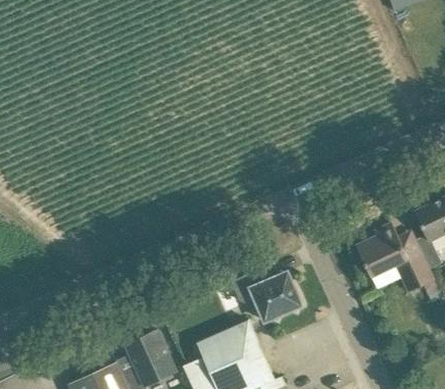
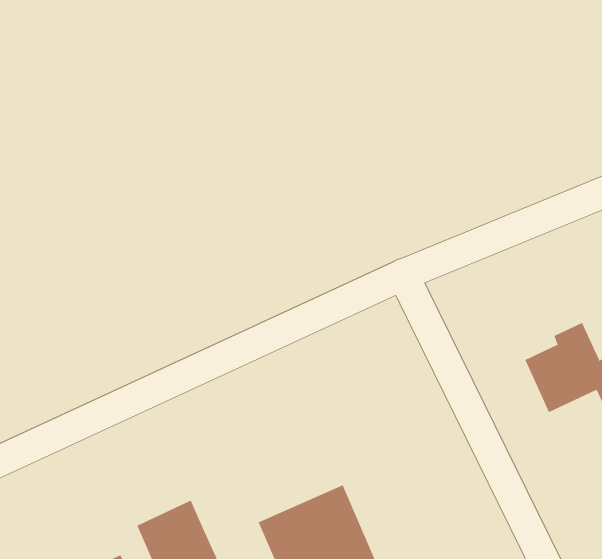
building: [231,264,302,322] -> none

